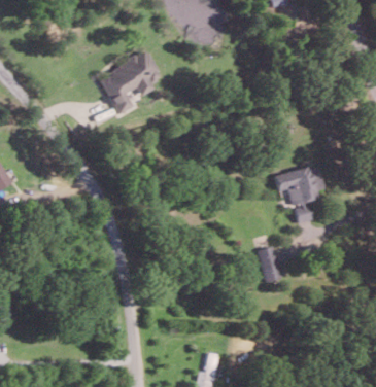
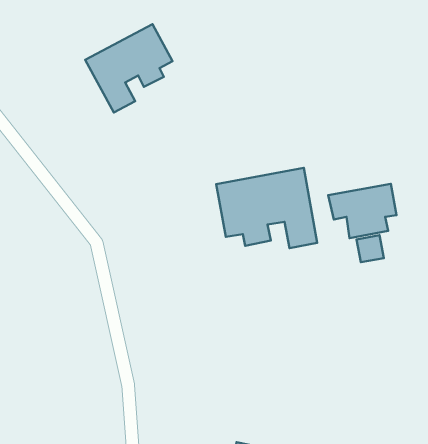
building: none -> [216,168,317,248]
building: [257,246,282,282] -> none

